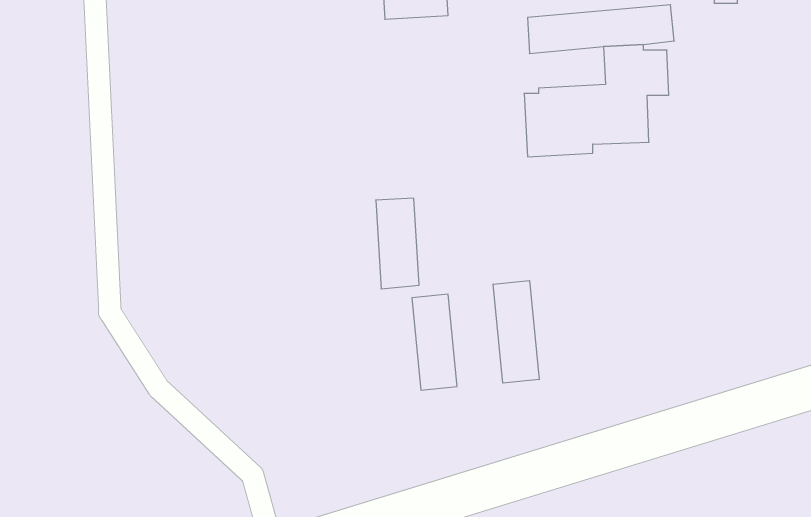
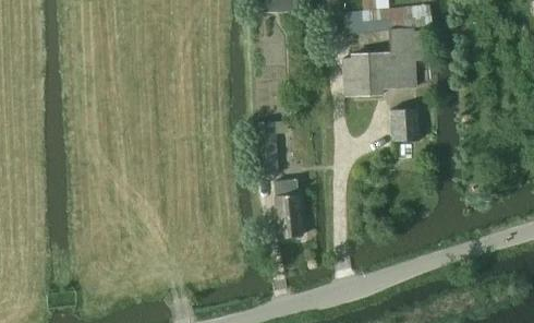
building: none -> [390,108,420,142]
building: [493,281,539,383] -> none

